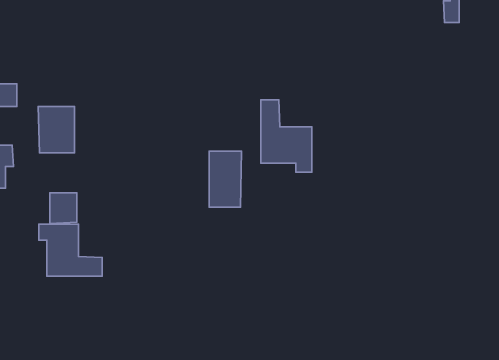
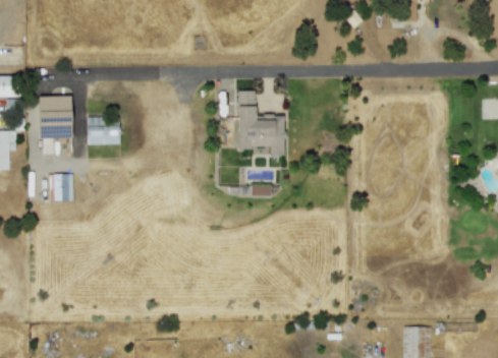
building: none -> [87,117,120,145]
building: [209,151,242,207] -> none
building: [39,224,102,276] -> none

